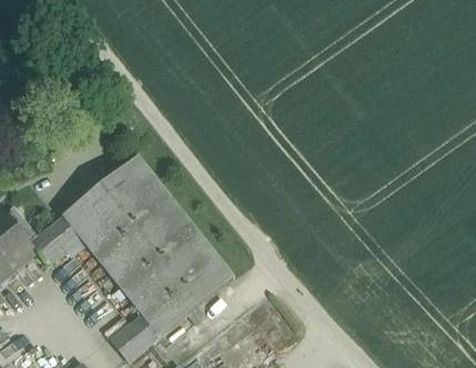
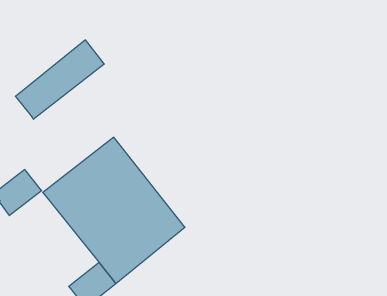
building: [62,155,156,239] -> [15,40,104,119]

